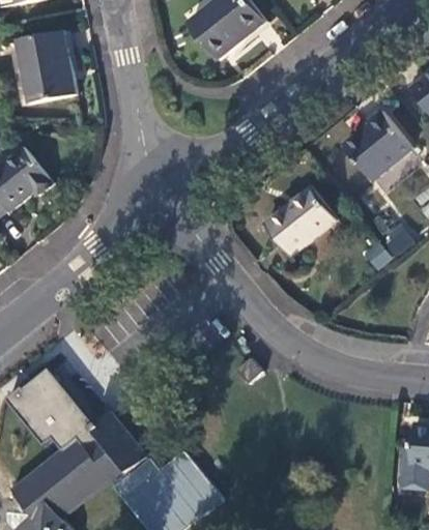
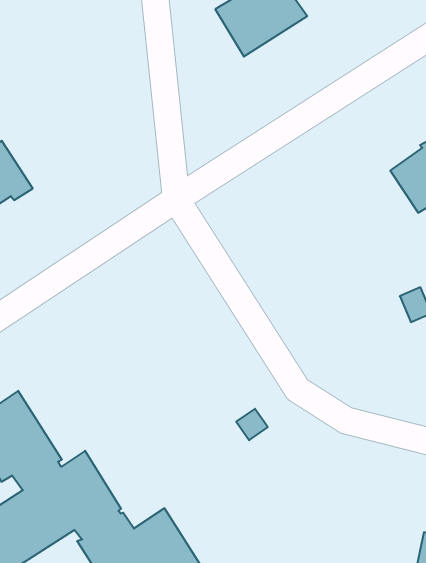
building: [15,42,72,113] -> none
building: [265,187,337,256] -> none

